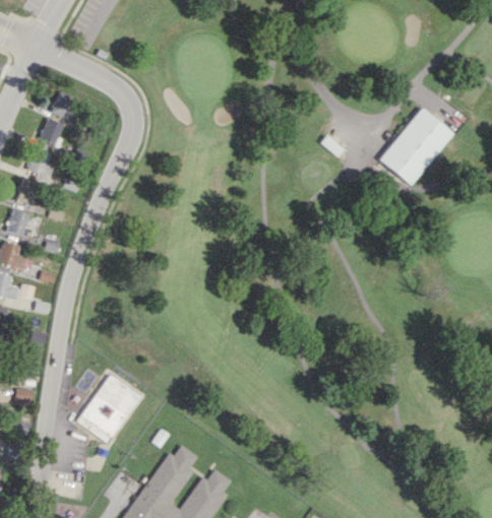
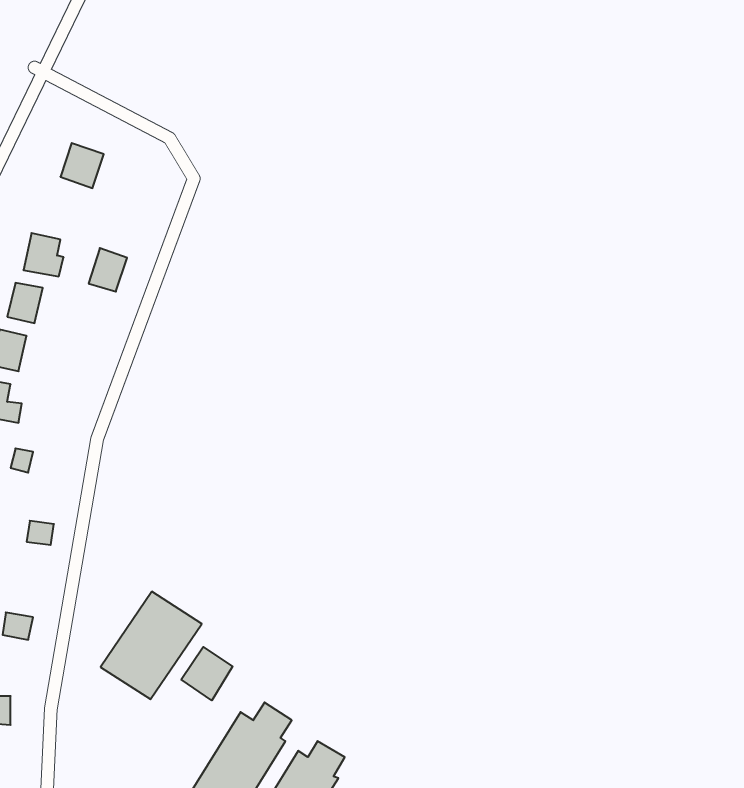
building: [380,109,454,186] -> none
building: [39,119,63,146] -> [89,248,127,292]
building: none -> [181,647,233,700]

